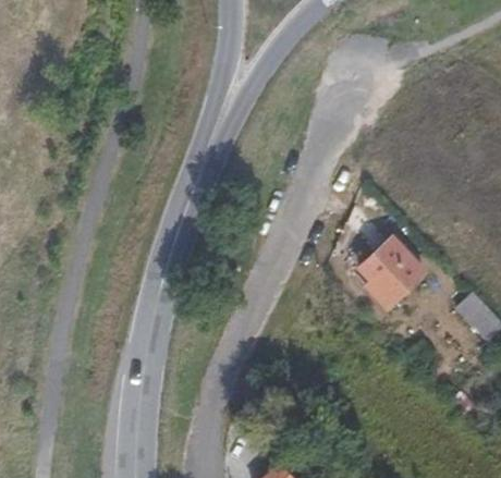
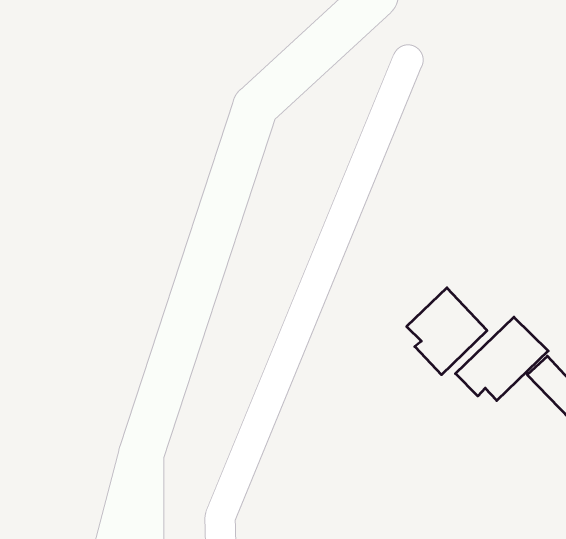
building: none -> [455,317,548,401]

